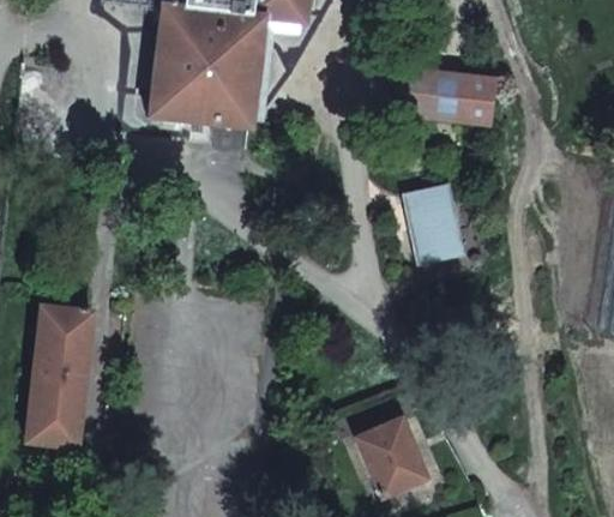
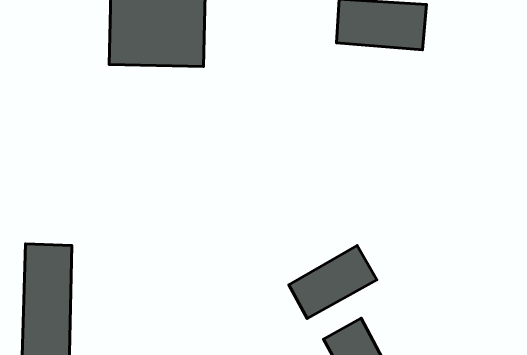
building: [405,182,464,263] -> none
building: none -> [289,246,377,318]

